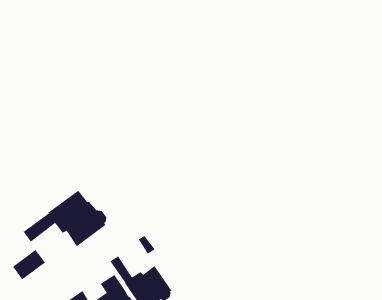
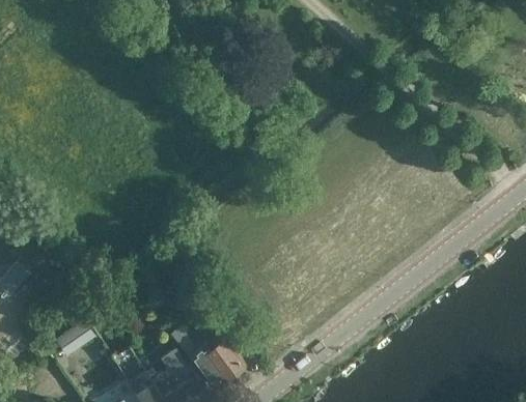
building: [23,190,107,247] -> none

